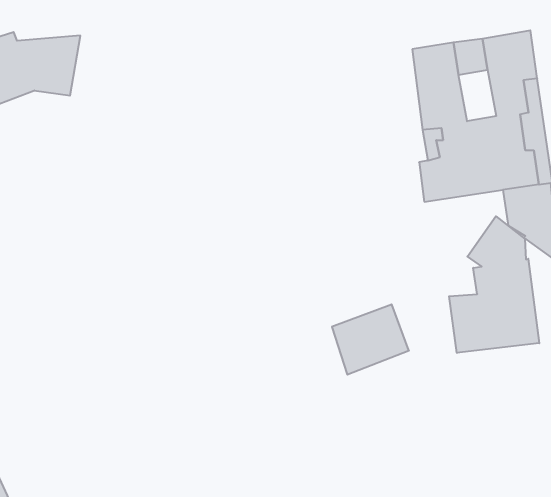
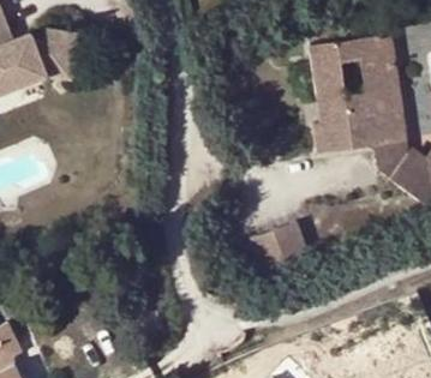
building: [449,216,539,353] -> none

